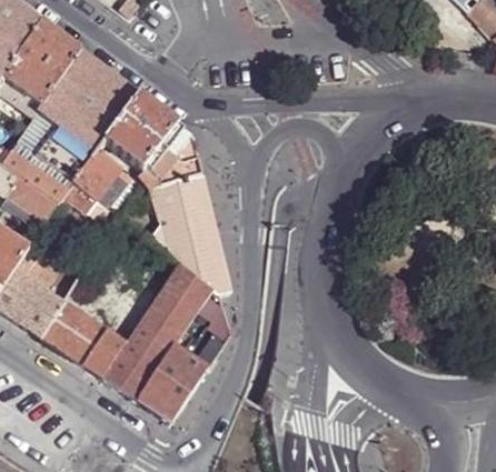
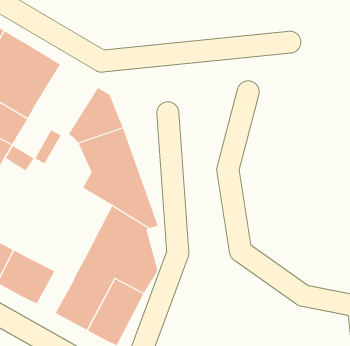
building: [103,93,178,169] -> none
building: [75,148,120,197] -> none
building: [83,327,127,374] -> none

